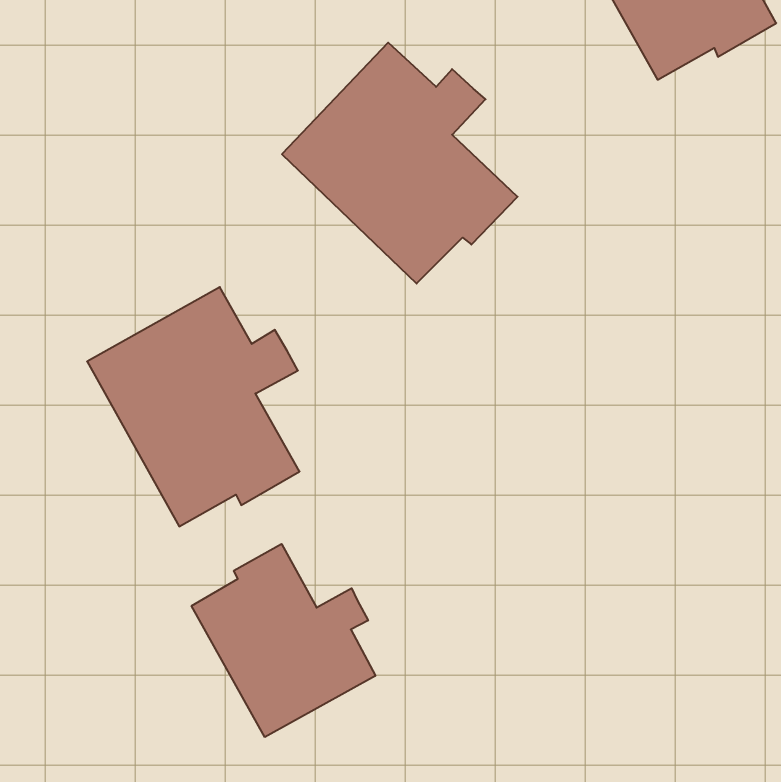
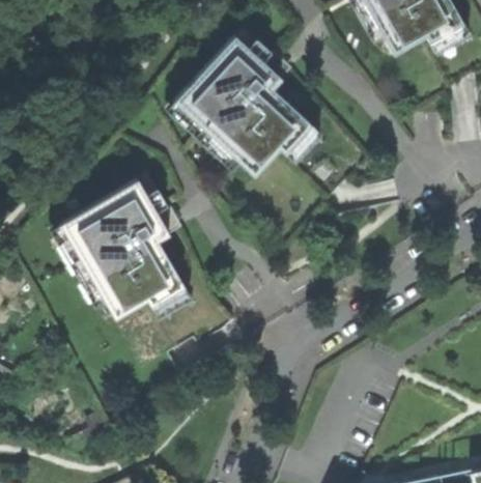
building: [192,544,375,737] -> none

